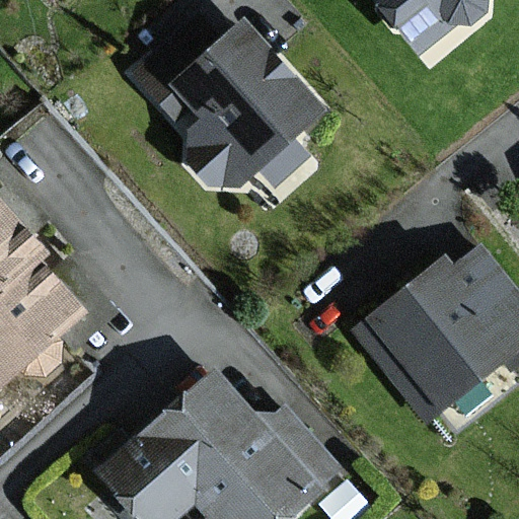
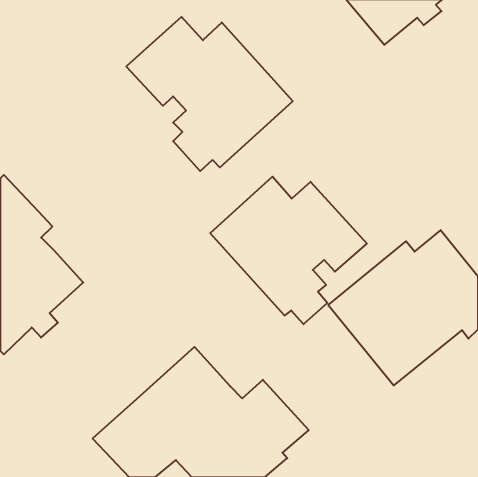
building: none -> [210,177,367,324]

